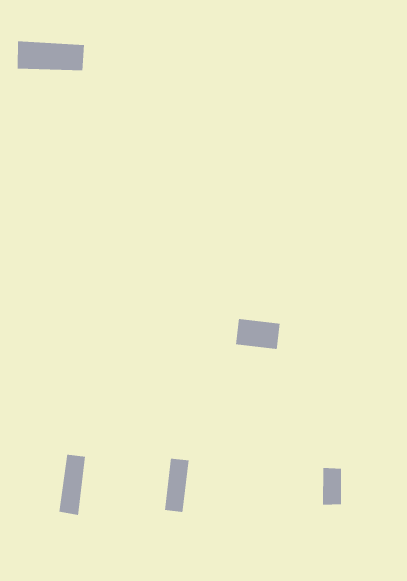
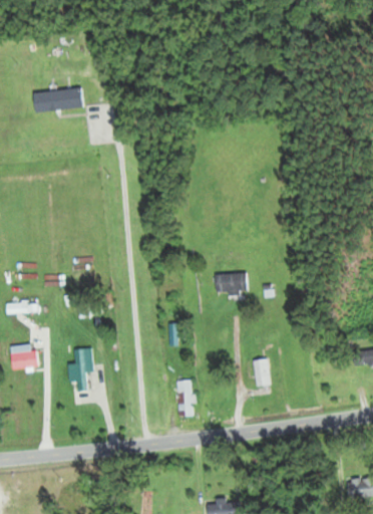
building: [58,454,86,515] -> [76,348,91,392]
building: [322,468,342,505] -> [254,358,271,387]

